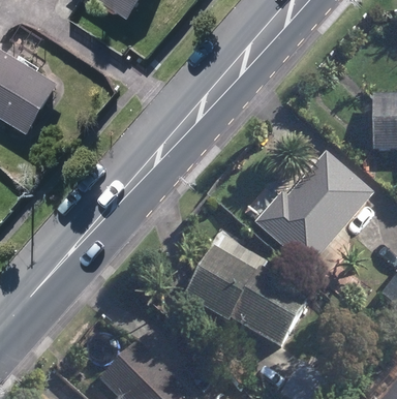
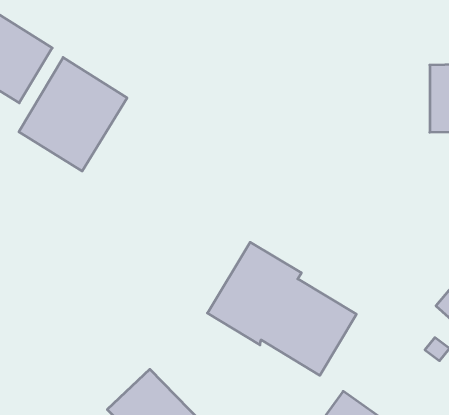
building: none -> [19,57,127,171]
building: [253,152,371,269] -> none

